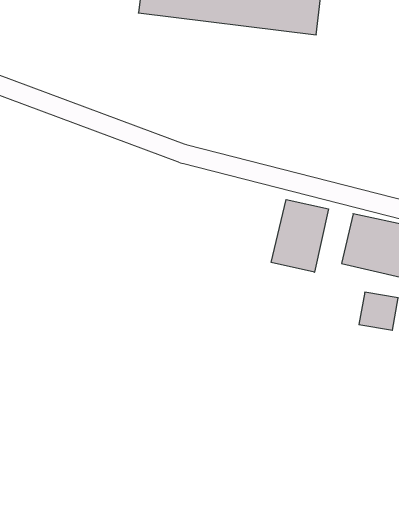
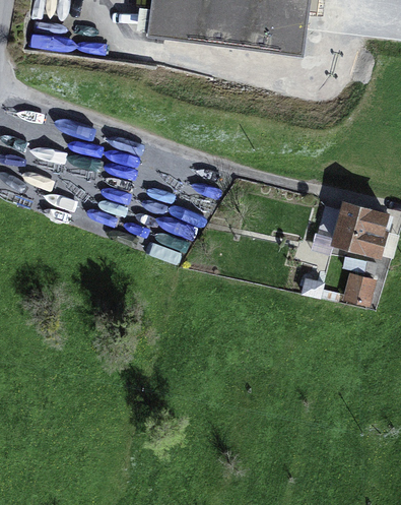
building: [271,200,328,272] -> none

